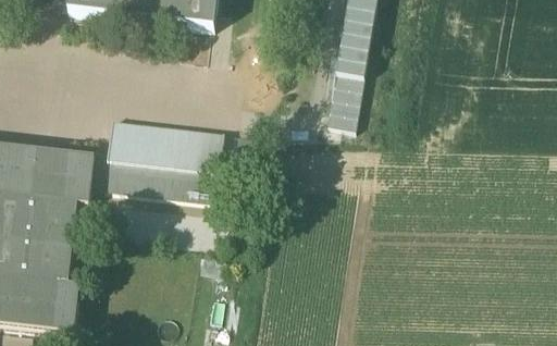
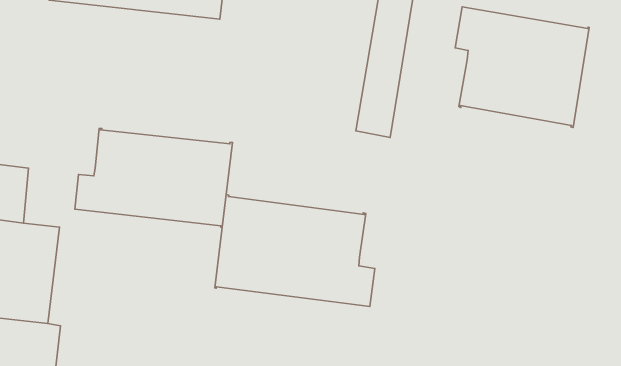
building: none -> [455,7,589,128]
building: [46,150,92,202] -> none
building: none -> [215,194,375,307]

